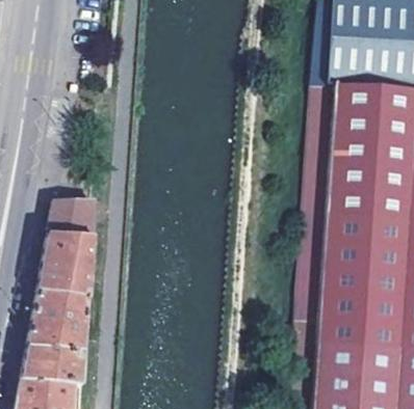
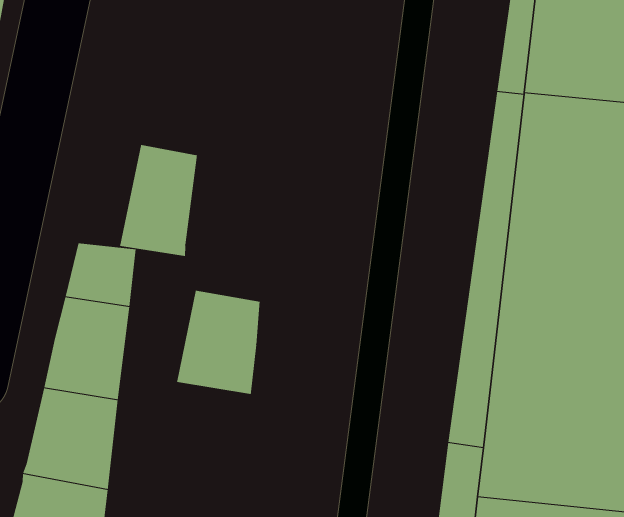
building: none -> [119,144,198,257]
building: none -> [177,290,260,395]

